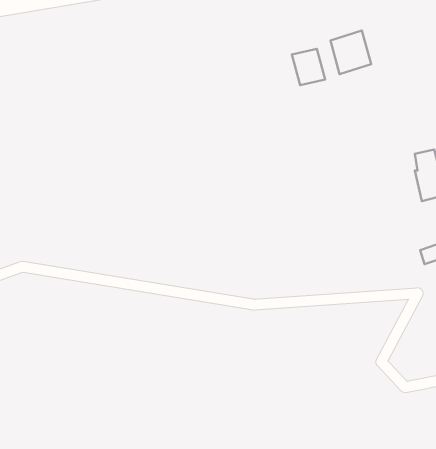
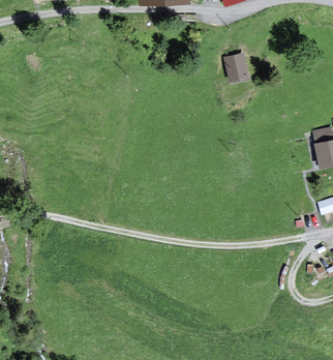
building: [330,30,371,74] -> none

